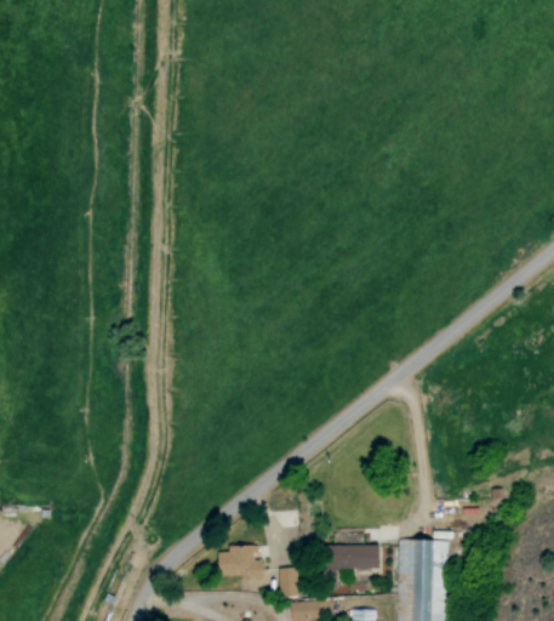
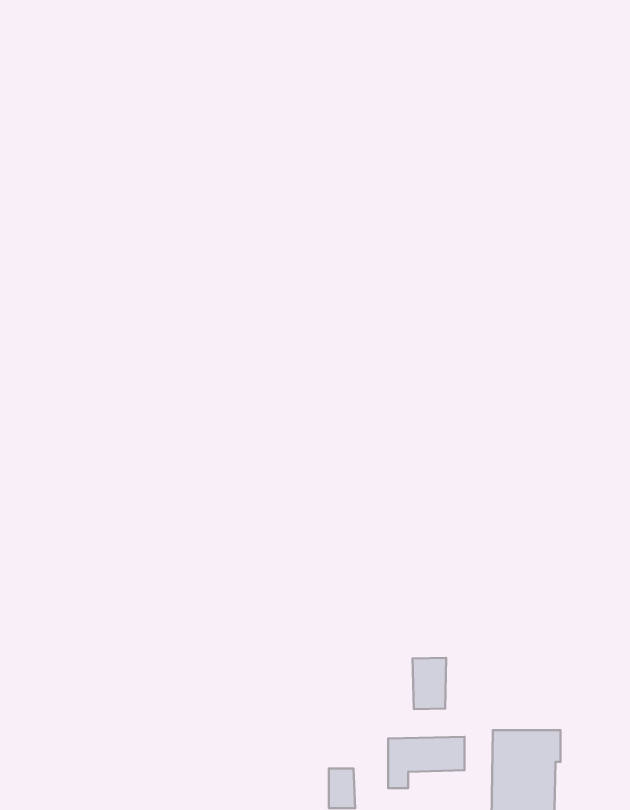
building: none -> [413,658,446,709]
building: [219,546,264,579] -> none

